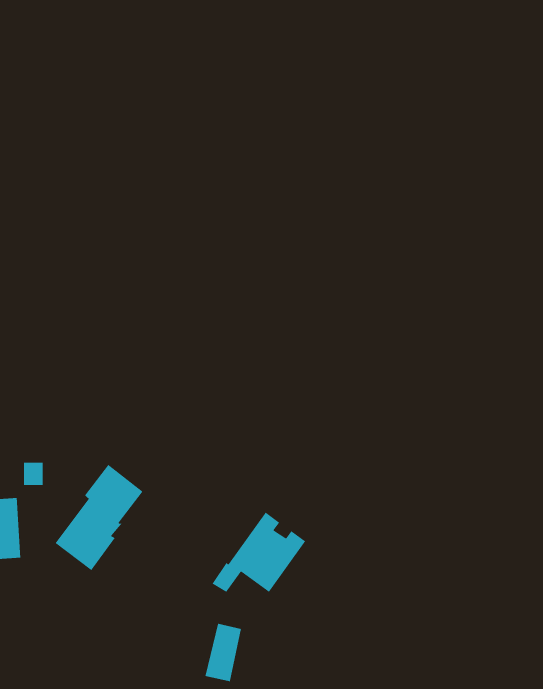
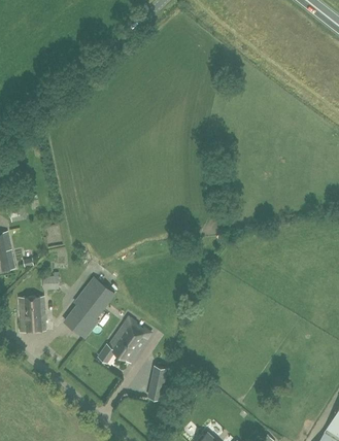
building: [212,512,306,593] -> [98,316,150,362]

